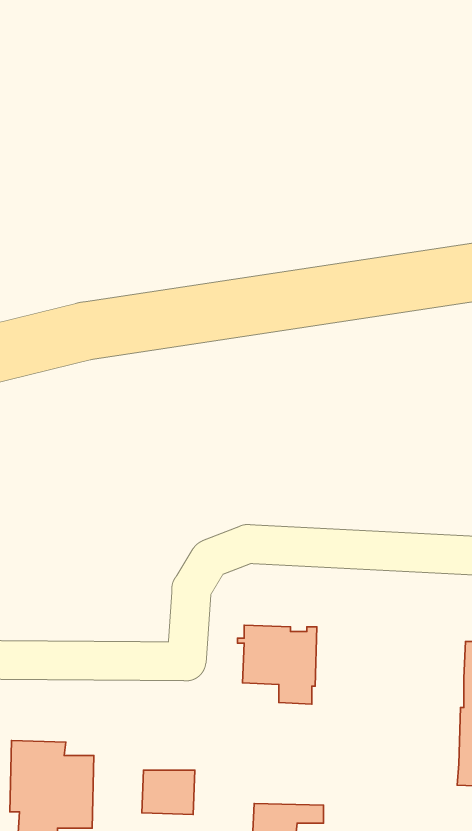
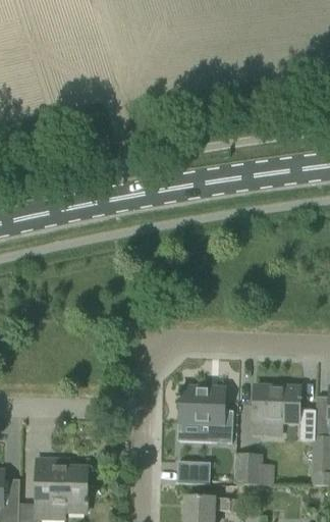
building: none -> [252,385,302,436]
building: none -> [236,456,275,485]
building: [142,770,195,815] -> [177,458,210,485]

